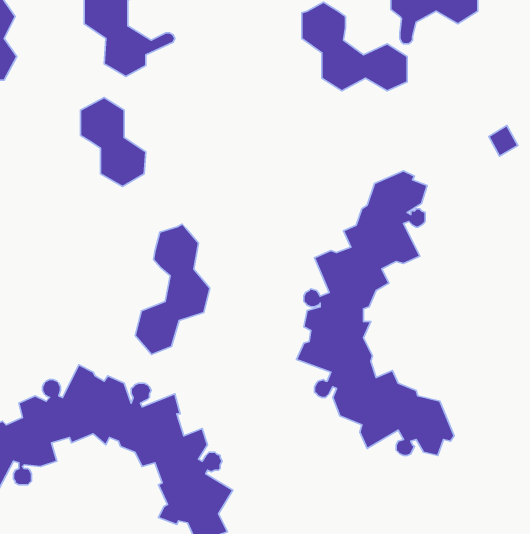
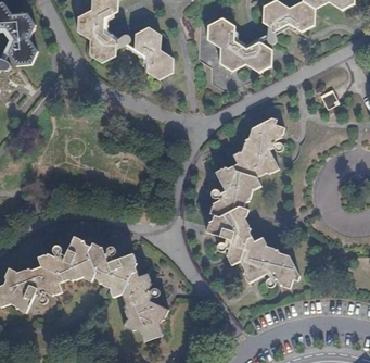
building: [81,97,146,186] -> [133,26,173,79]
building: [135,224,210,354] -> none

